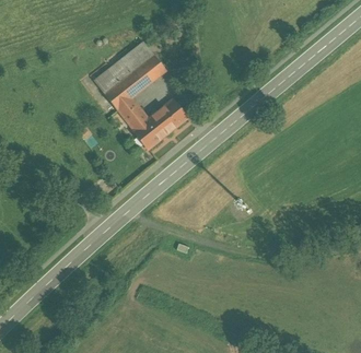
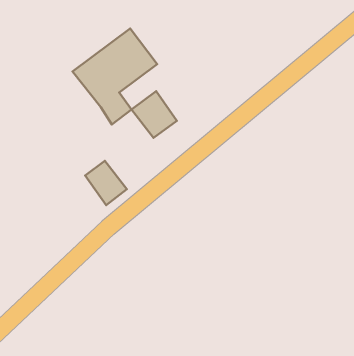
building: [127,106,164,145] -> [85,161,127,205]

